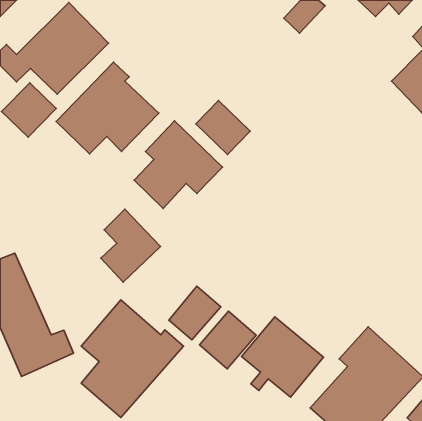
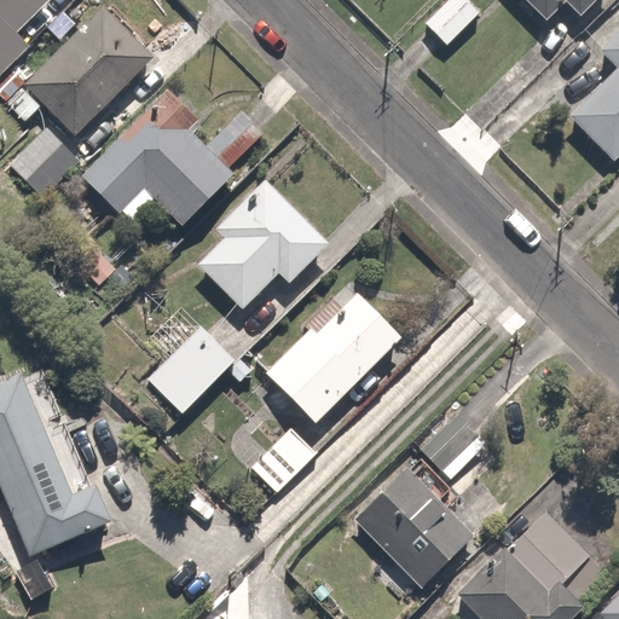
building: [196,101,250,155] -> none
building: none -> [267,285,403,421]
building: [81,300,183,417] -> none
building: [199,311,256,369] -> none

